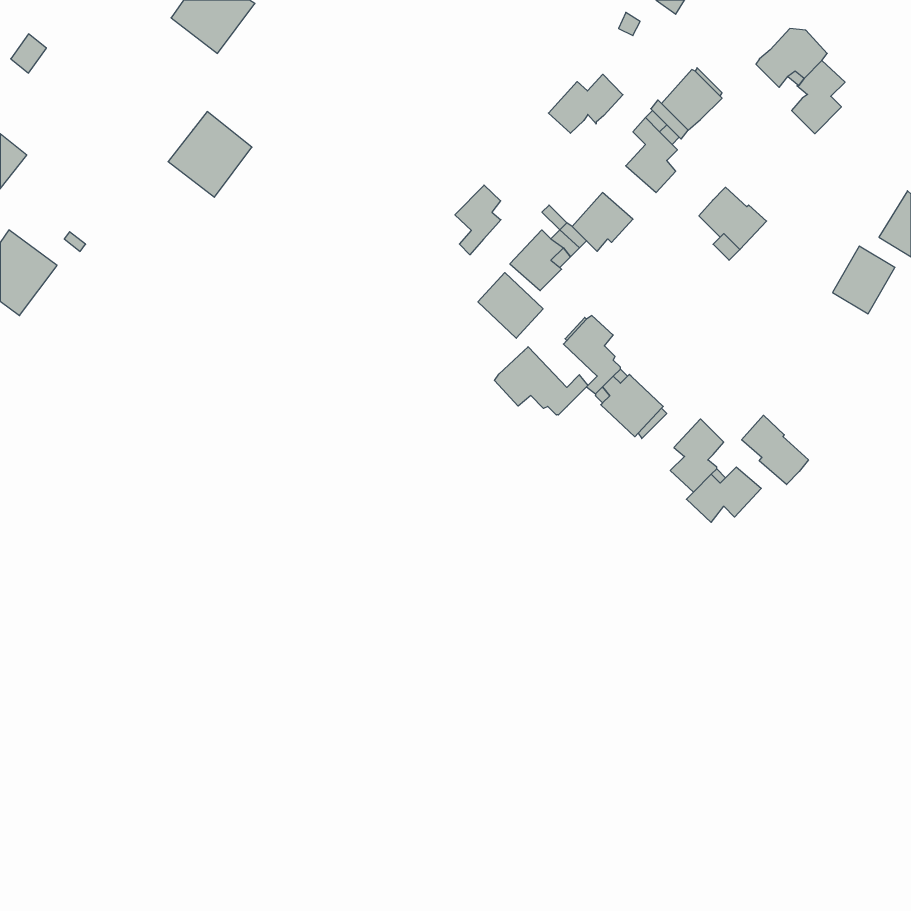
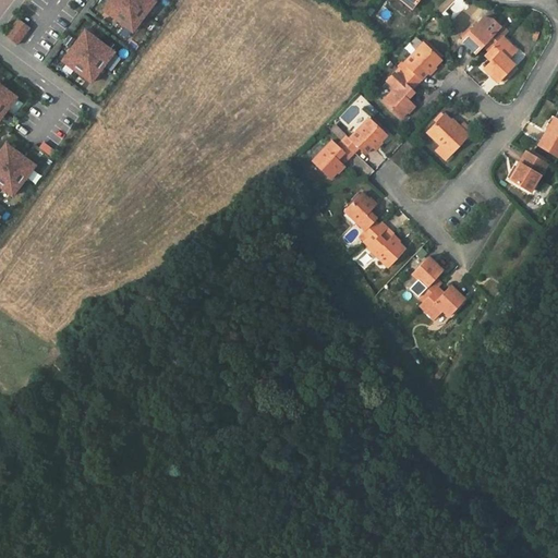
building: [548,74,623,133] -> none
building: [168,112,252,197] -> [62,32,113,84]
building: [455,185,501,255] -> none
building: [478,273,543,338] -> none
building: [494,347,588,415] -> none
building: [742,415,808,485] -> none

